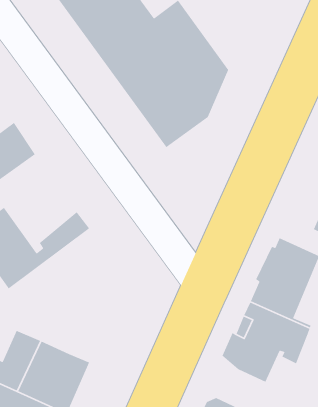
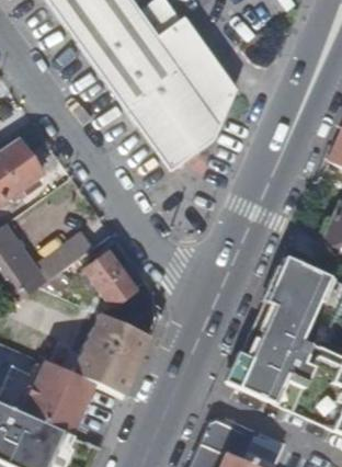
building: none -> [86,252,135,306]
building: none -> [76,314,153,396]

